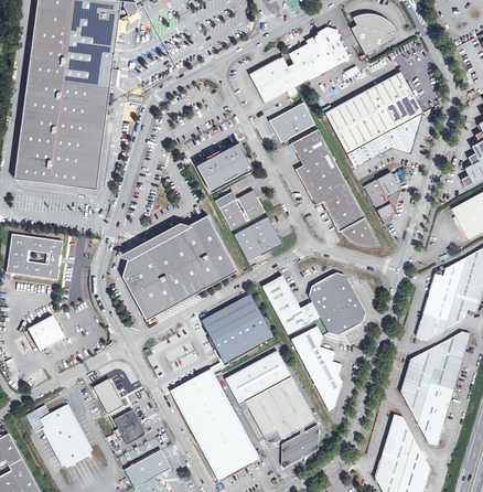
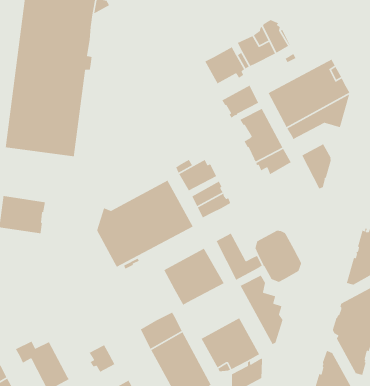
building: [350,11,396,53] -> none
building: [196,141,254,191] -> none
building: [328,194,380,246] -> none
building: [26,314,63,350] -> none
building: [225,351,291,405] -> none
building: [93,378,122,413] -> none

